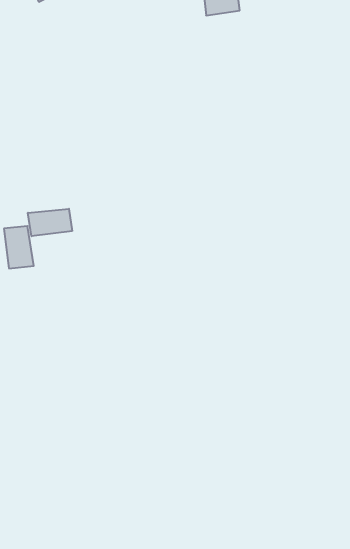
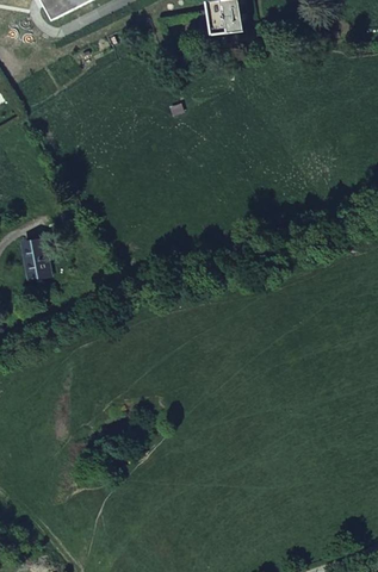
building: [28,209,72,236] -> none

